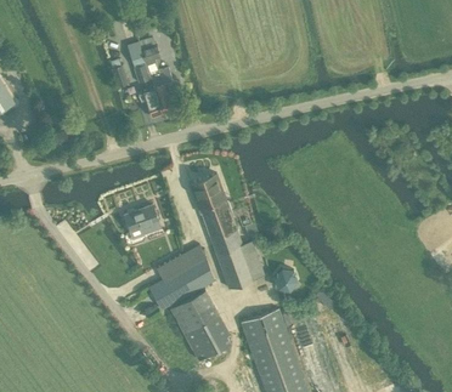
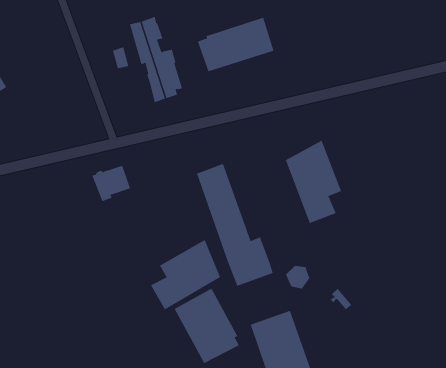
building: none -> [197,17,274,72]
building: none -> [285,140,342,224]
building: [124,205,160,239] -> [91,165,131,202]

